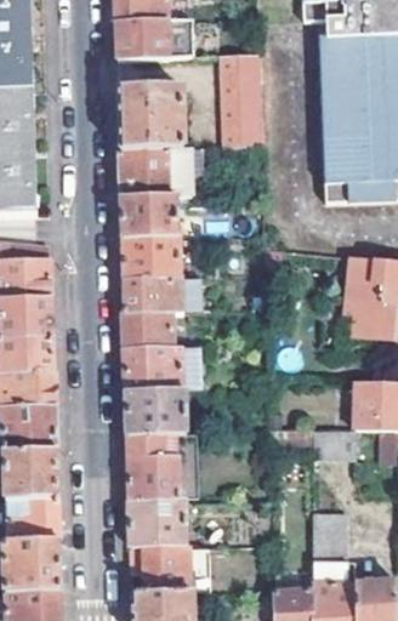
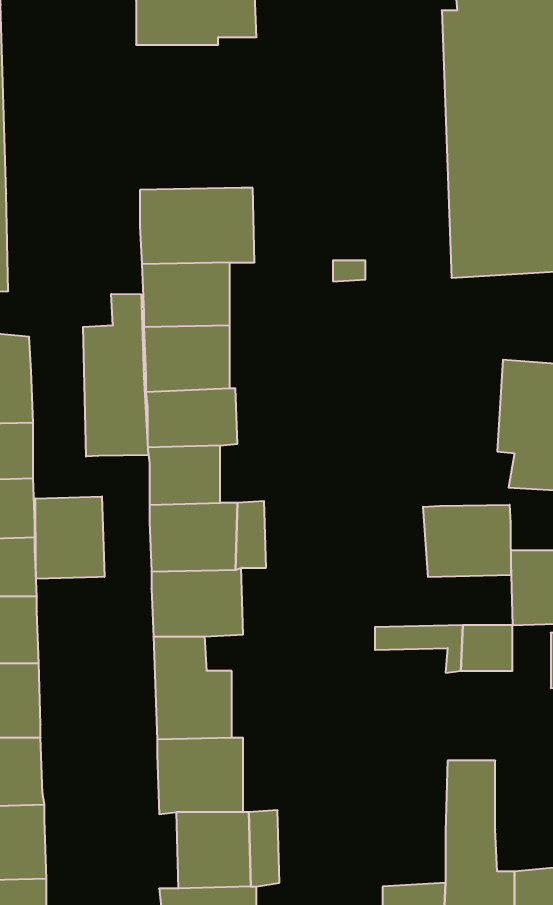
building: [222,56,261,148] -> none
building: [119,87,183,150] -> none
building: none -> [83,294,148,457]
building: none -> [35,496,104,579]
building: none -> [423,505,511,577]
building: [160,433,191,498] -> none

